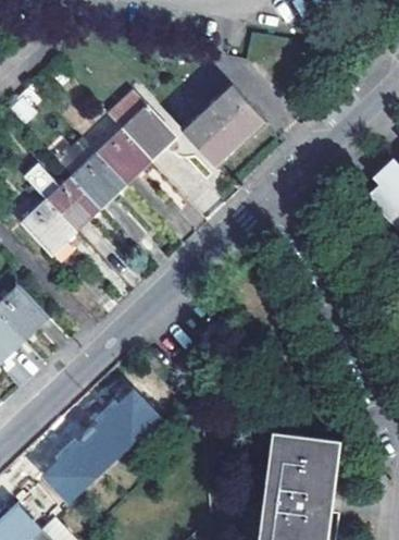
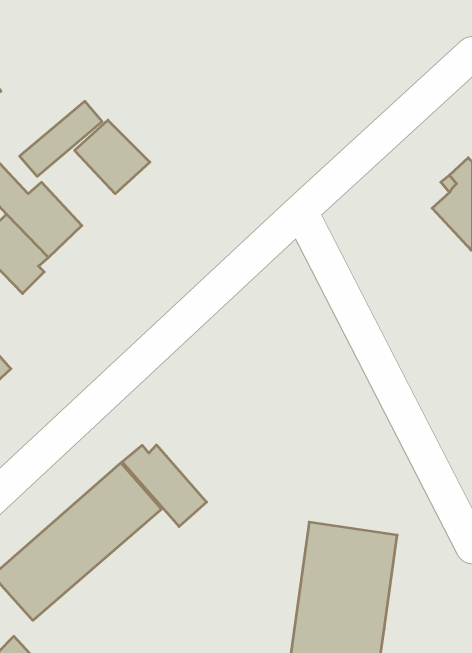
building: [182,83,263,163] -> none
building: [110,91,177,160] -> none
building: [72,151,127,208] -> none
building: none -> [122,445,207,527]

